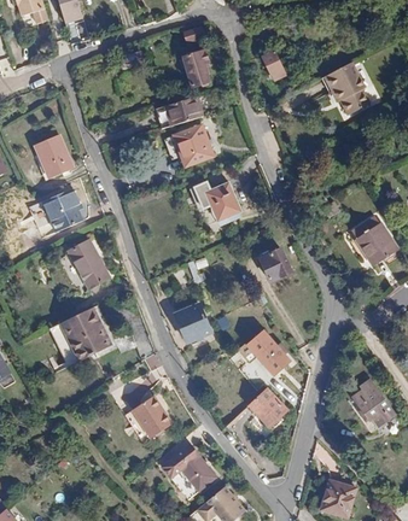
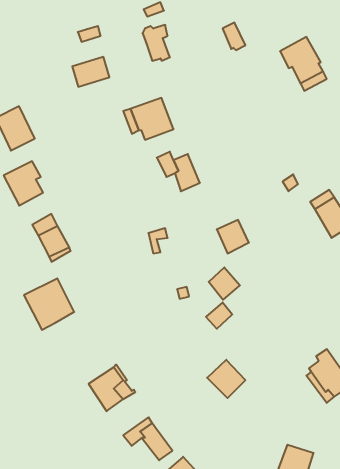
building: [165,94,203,124] -> [72,57,109,87]
building: [170,304,209,344] -> none
building: [257,343,288,375] -> [209,267,240,300]

